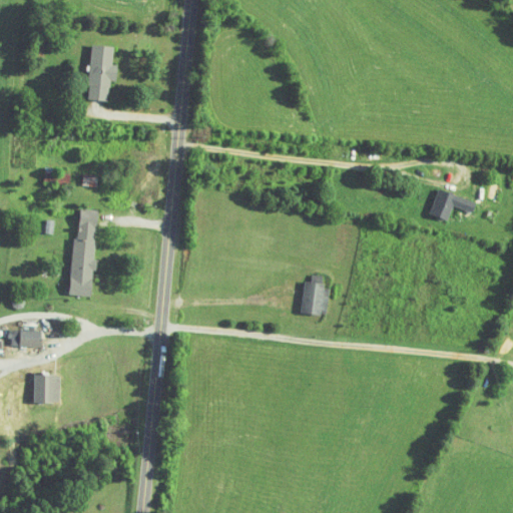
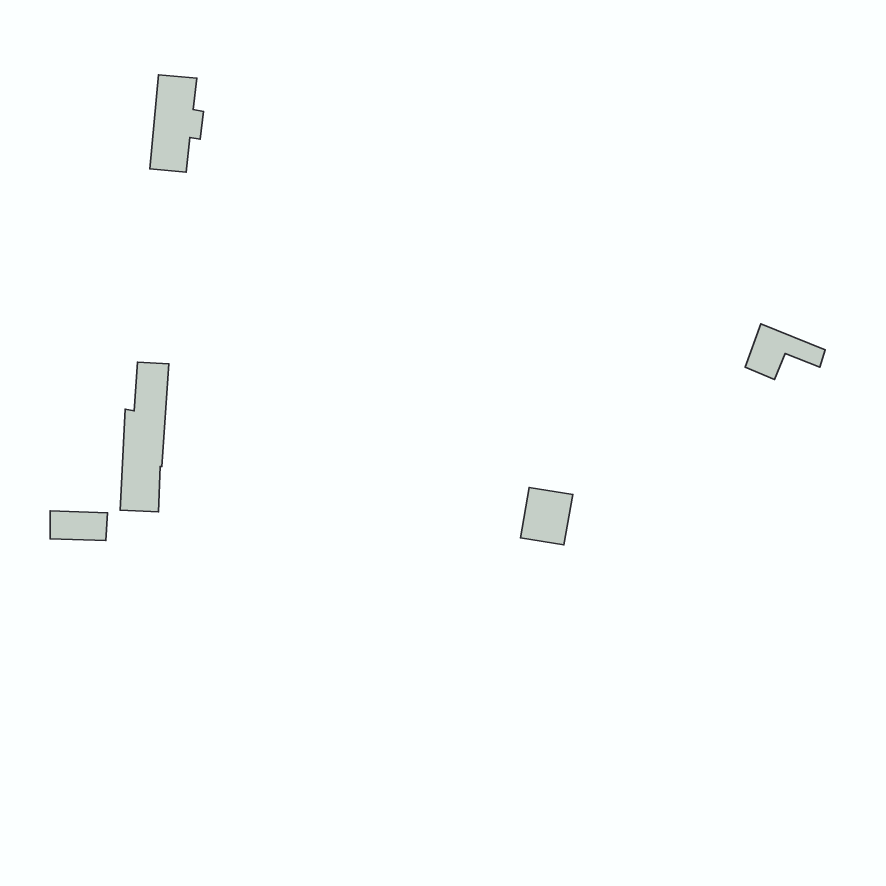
building: [8,331,41,348] -> [50,511,108,541]
building: [33,375,59,403] -> none

